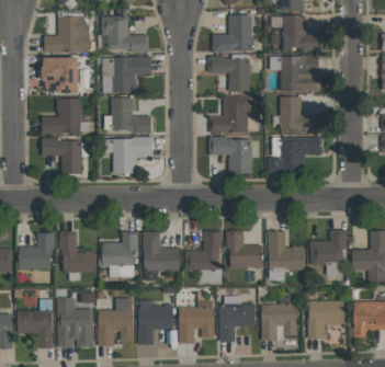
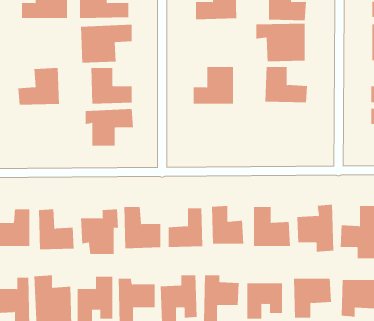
building: [42,57,78,93] -> none
building: [208,57,250,92] -> none
building: [208,137,251,174] -> none
building: [267,137,320,173] -> none
building: [41,139,82,173] -> none

